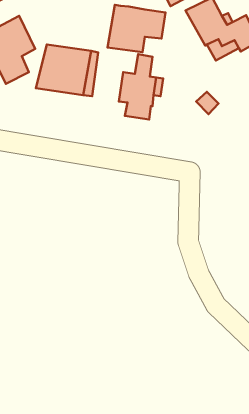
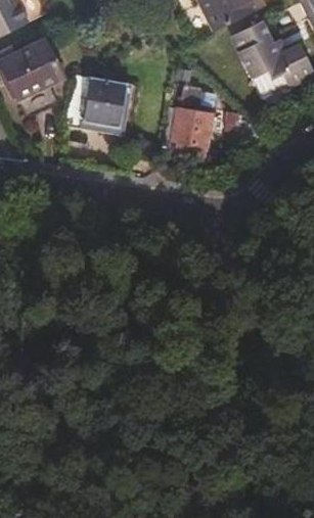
building: [108,5,166,52] -> none

